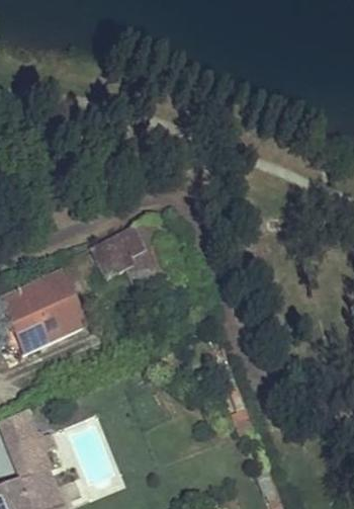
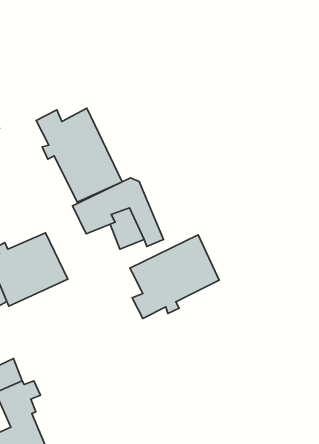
building: none -> [36,108,122,202]
building: none -> [130,235,219,319]

